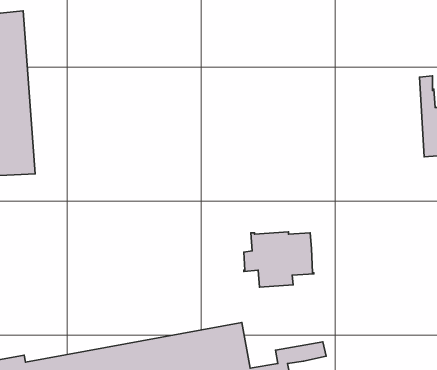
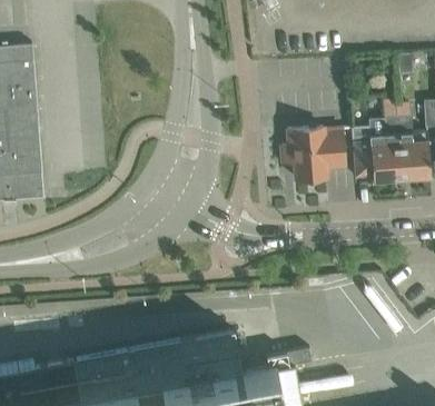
building: none -> [352,100,402,181]
building: [244,232,314,287] -> [281,129,346,180]

